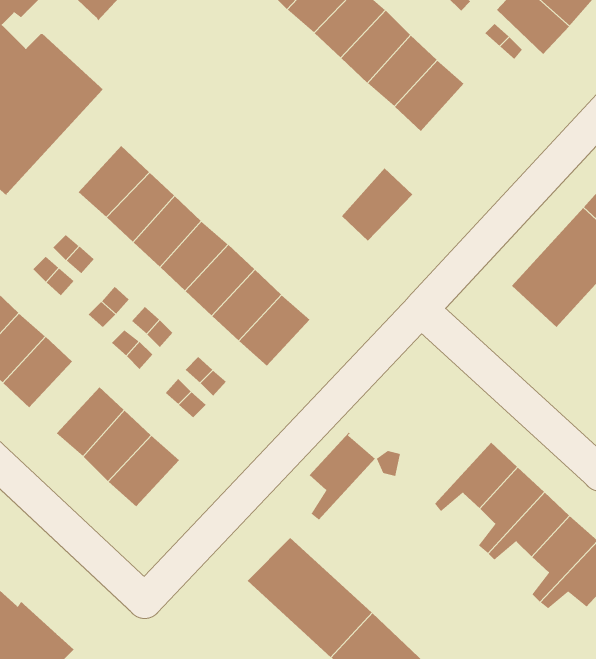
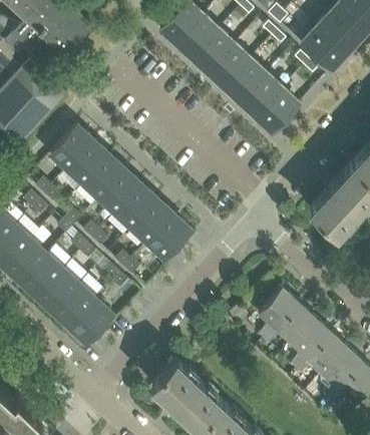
building: [341,168,413,241] -> [256,88,299,132]
building: none -> [21,255,63,298]
building: [309,432,376,520] -> [258,287,298,340]

